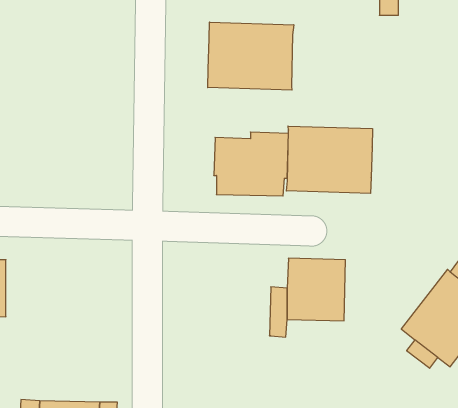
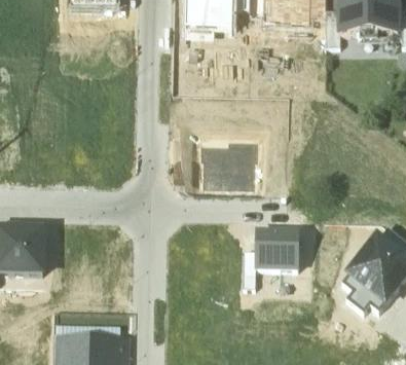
building: [208,22,294,90] -> none
building: [286,126,372,193] -> none

